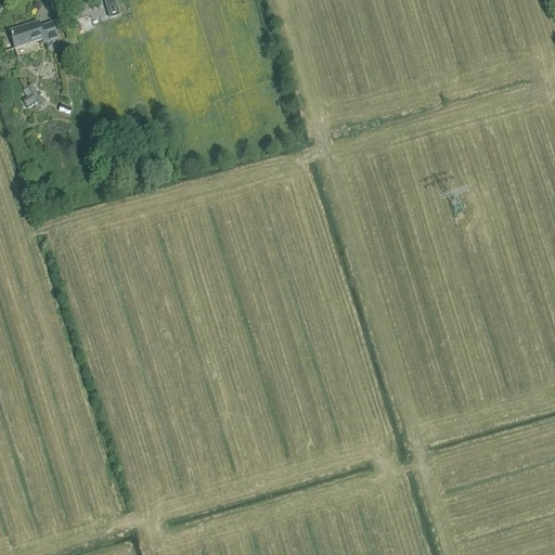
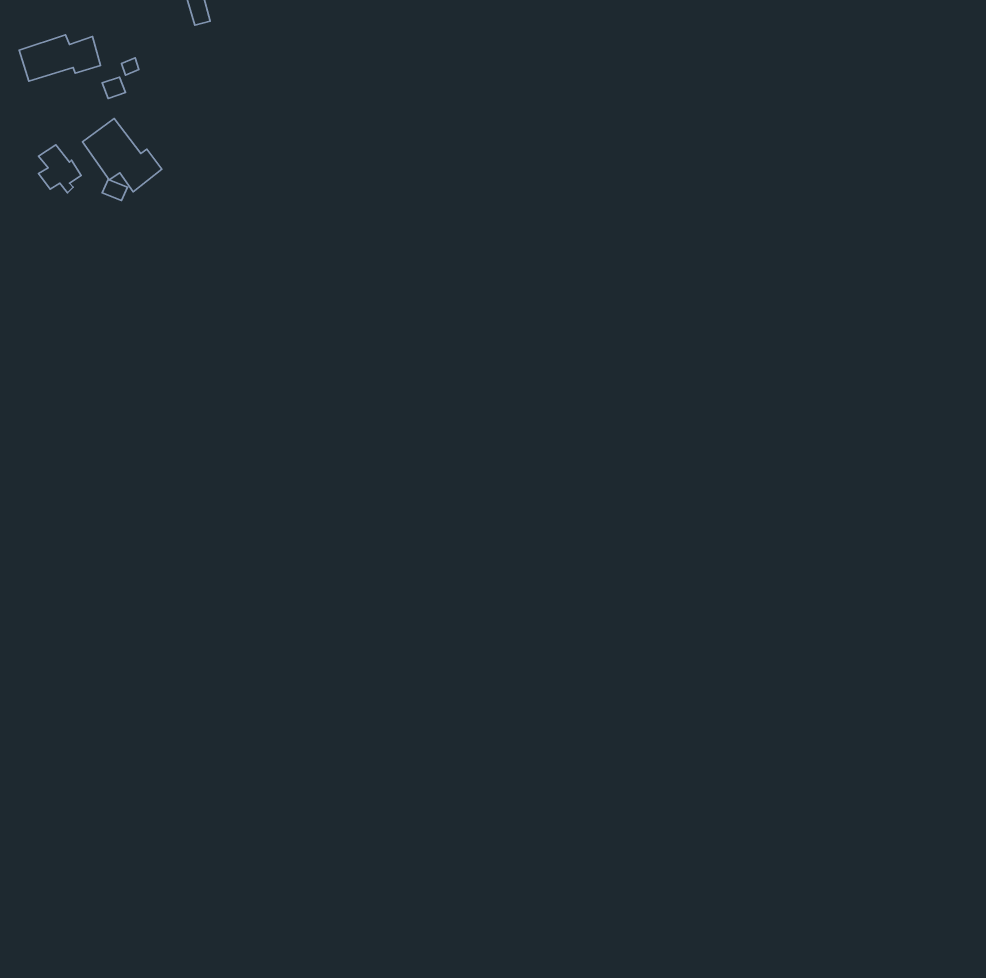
building: none -> [83,118,162,192]

